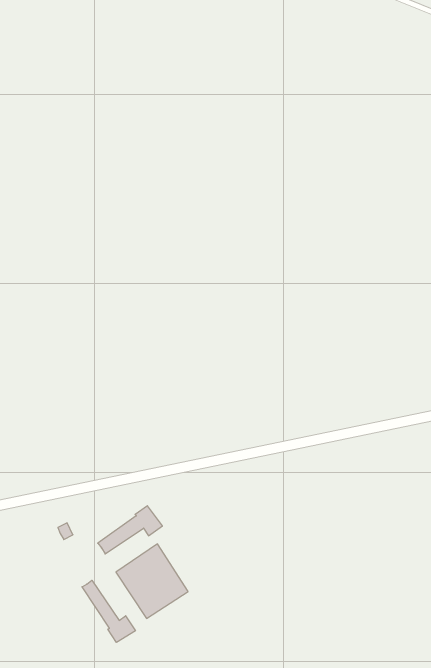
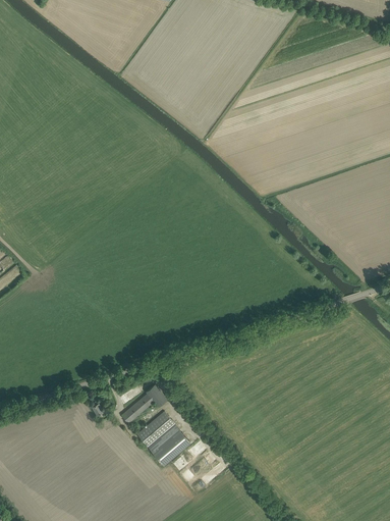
building: [82,580,135,642] -> none

